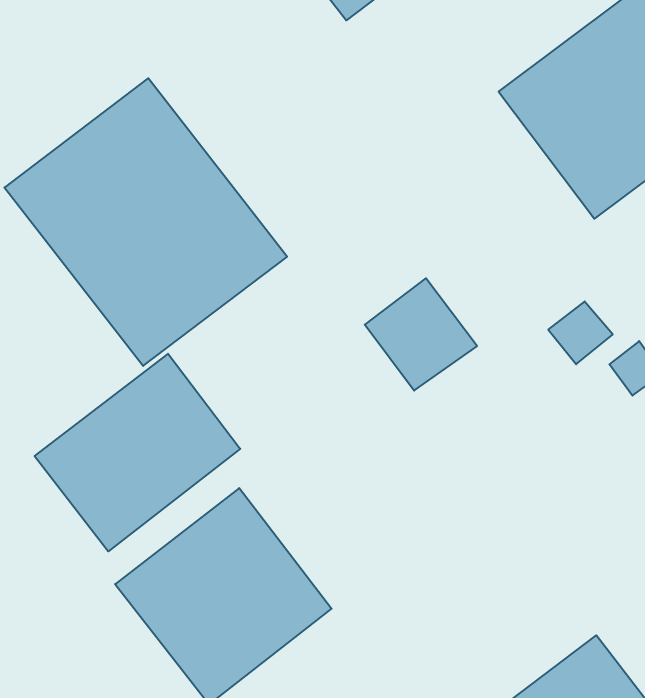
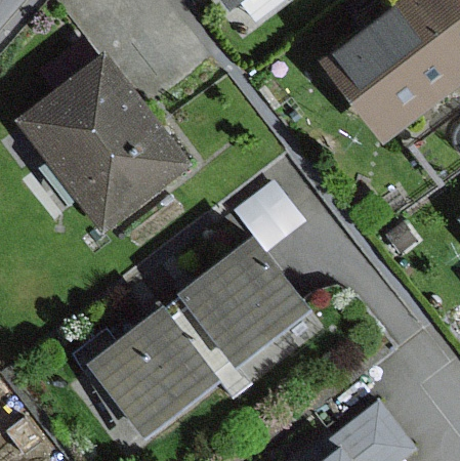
building: [35,354,240,551] -> none
building: none -> [179,243,307,371]

